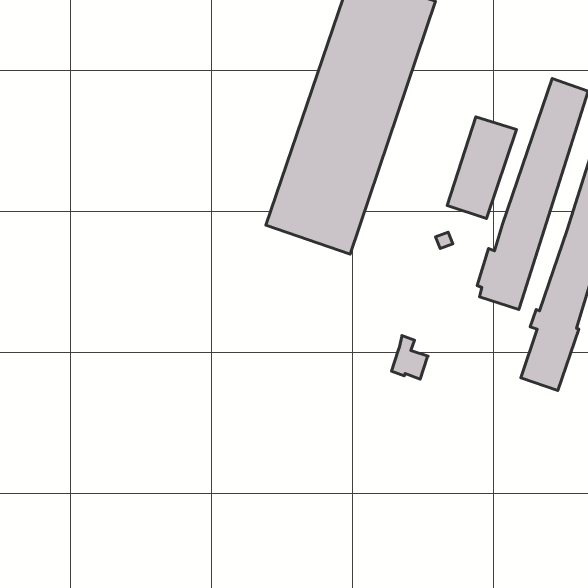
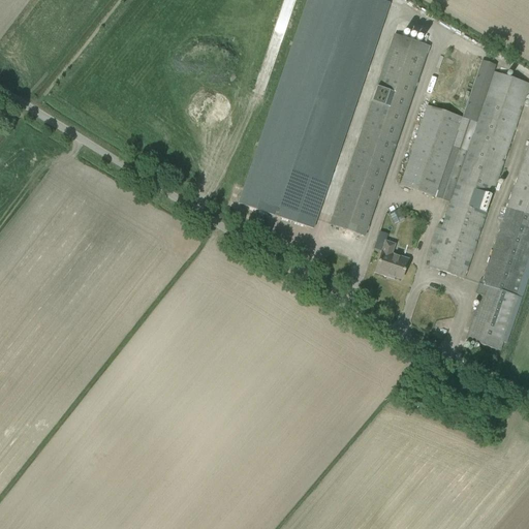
building: none -> [332,33,430,235]
building: none -> [437,59,498,200]
building: [391,335,428,379] -> [377,239,410,278]

